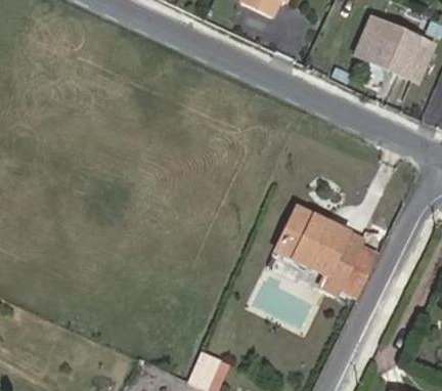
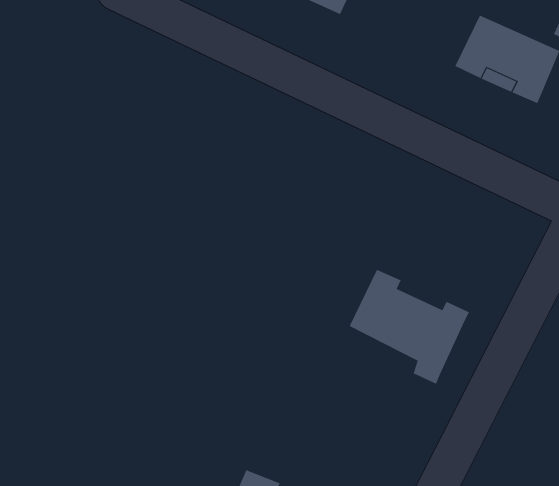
building: [345,242,383,291] -> none

